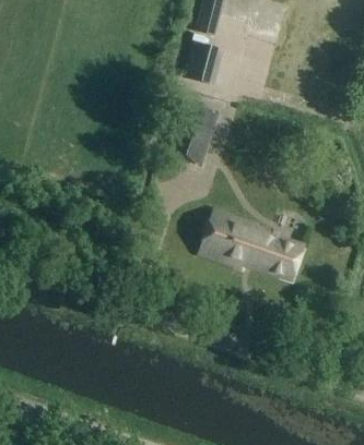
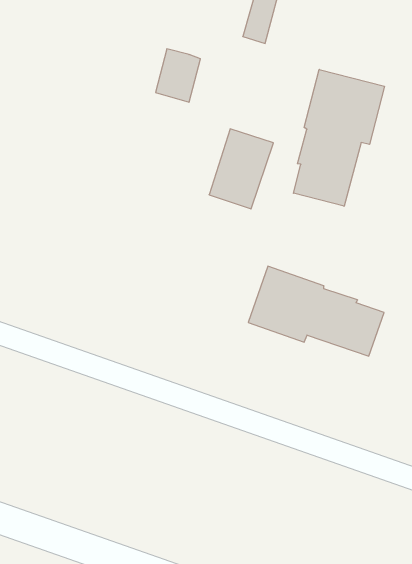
building: [185,43,220,84] -> [156,49,200,102]
building: none -> [293,69,384,206]

